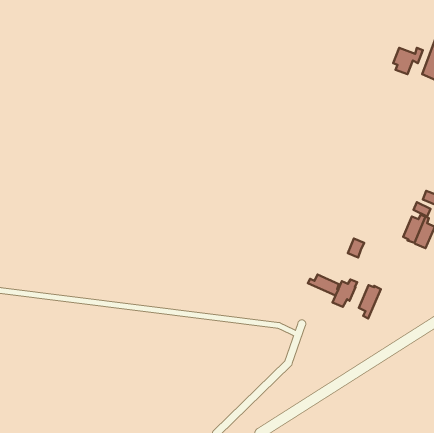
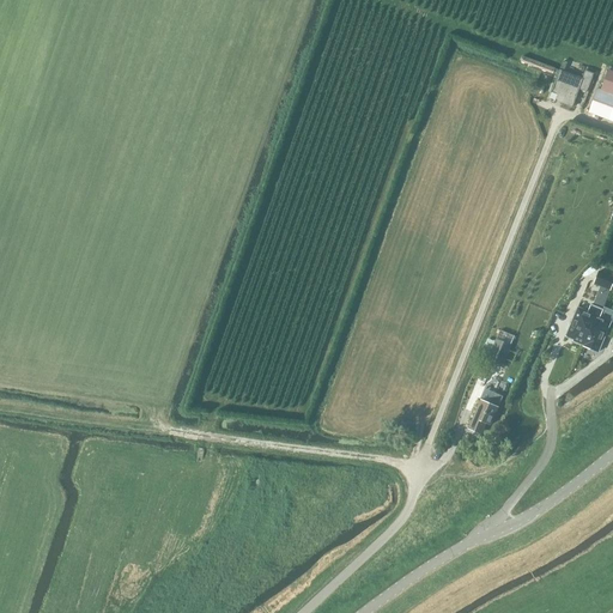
building: [308,275,339,295] -> none
building: [359,285,381,318] -> none

